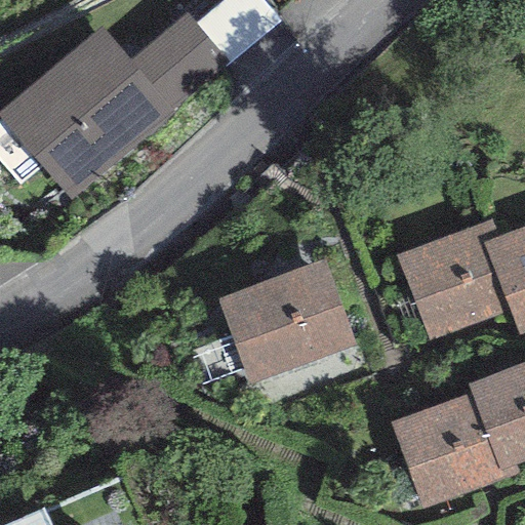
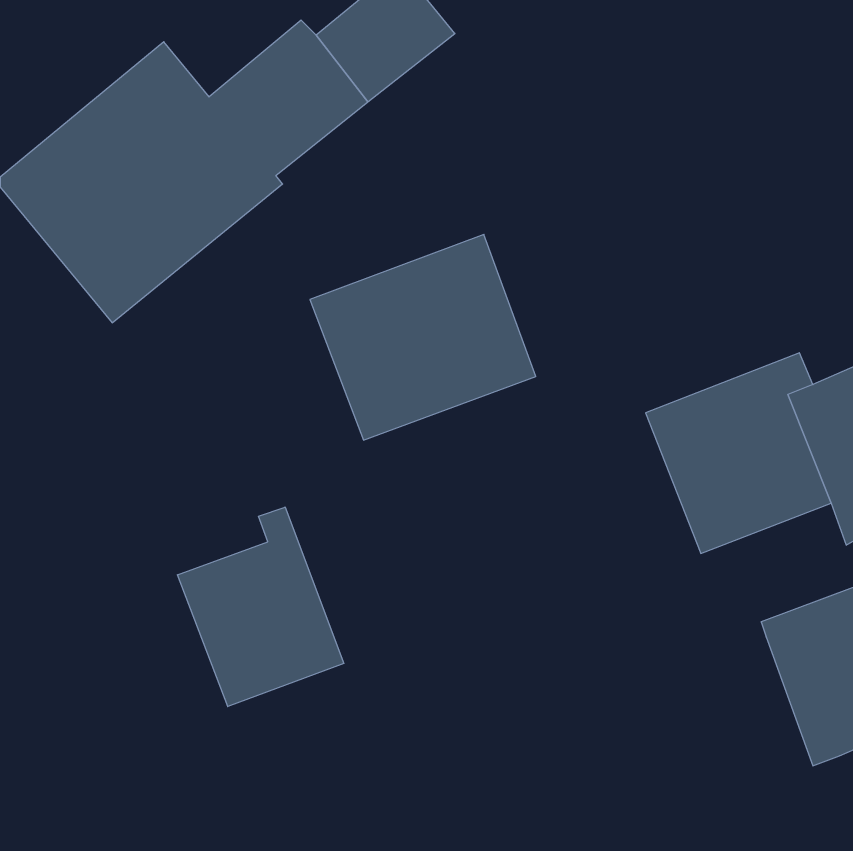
building: [218,257,357,383] -> [310,234,536,440]
building: none -> [177,507,344,707]
building: [389,391,519,509] -> none

